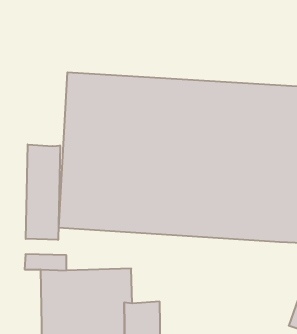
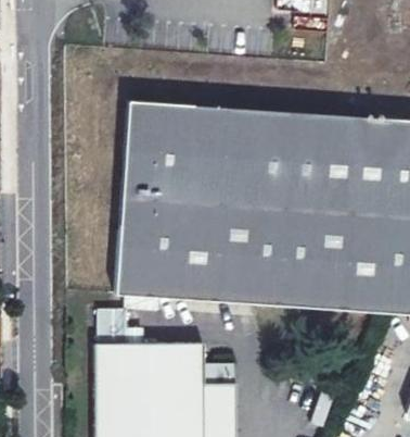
building: [26,144,60,240] -> none

